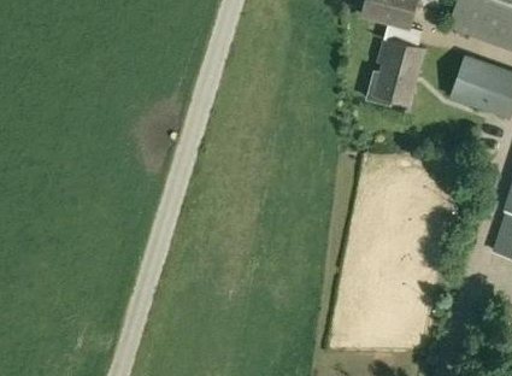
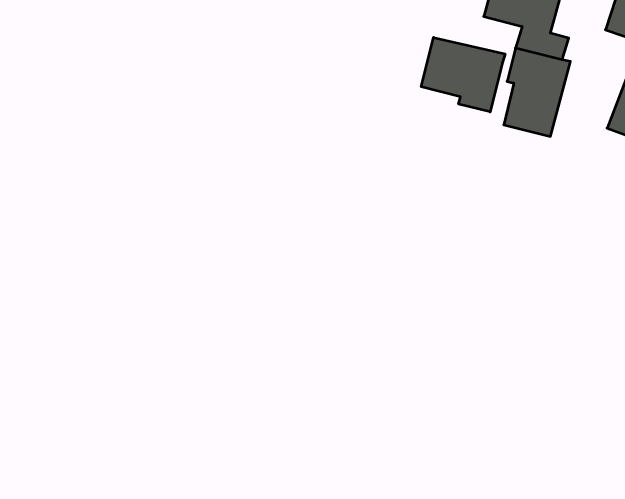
building: none -> [421,37,505,112]

